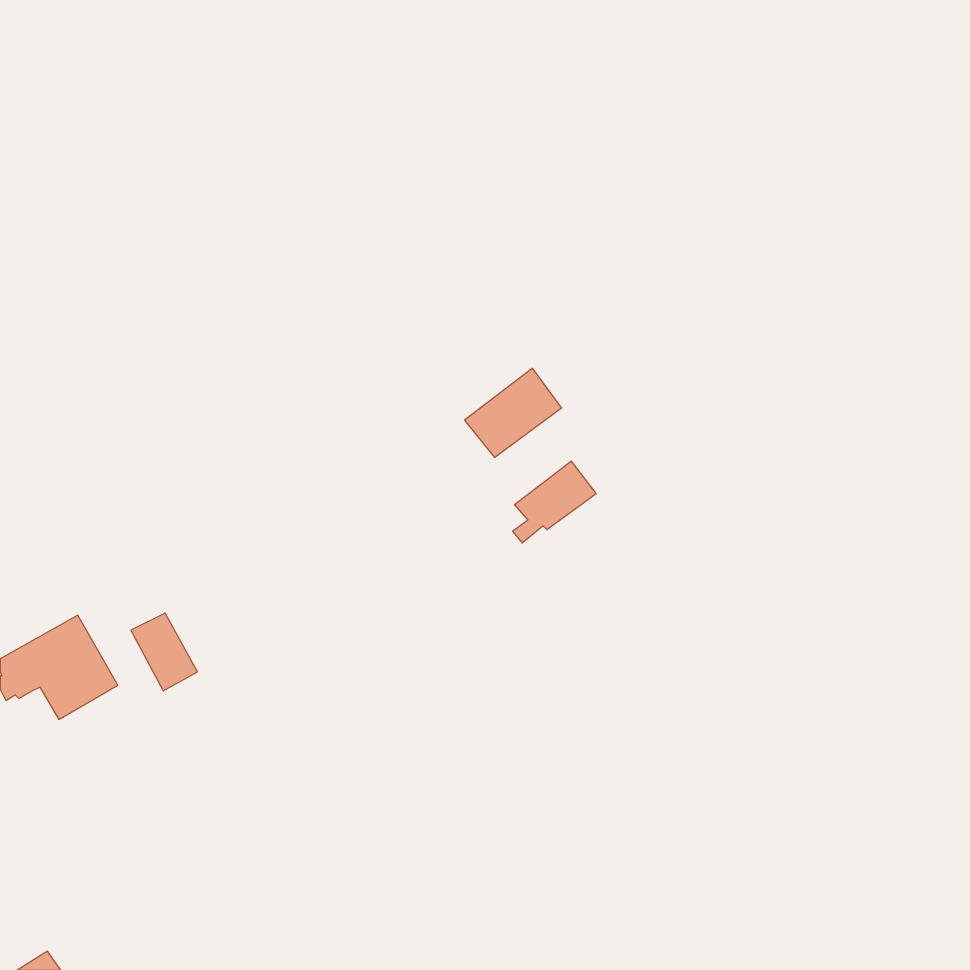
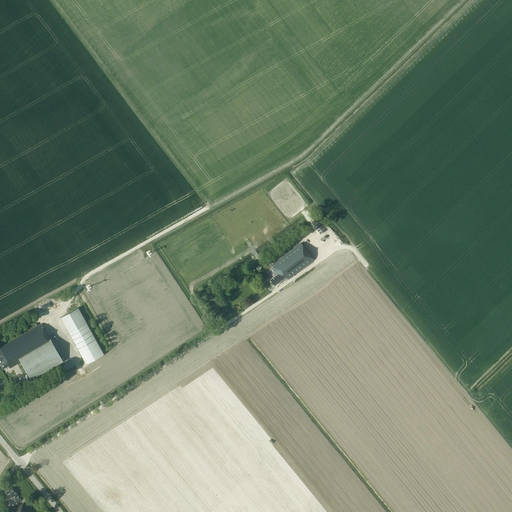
building: [465,368,562,458] -> none
building: none -> [60,307,87,332]

